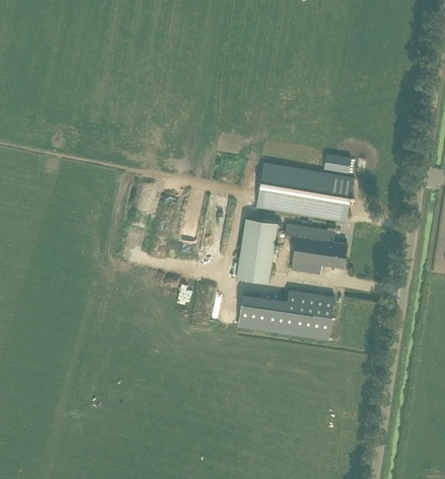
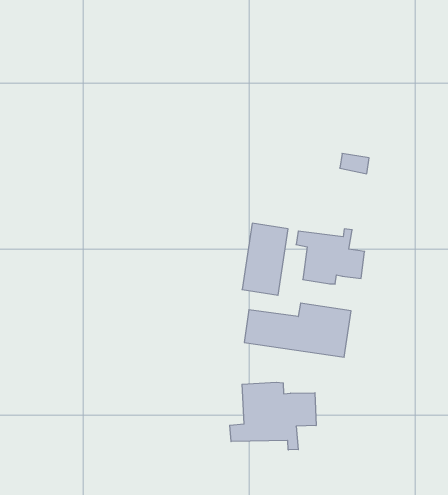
building: [256,163,353,221] -> none
building: none -> [230,382,316,450]

